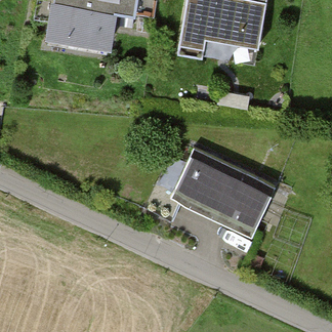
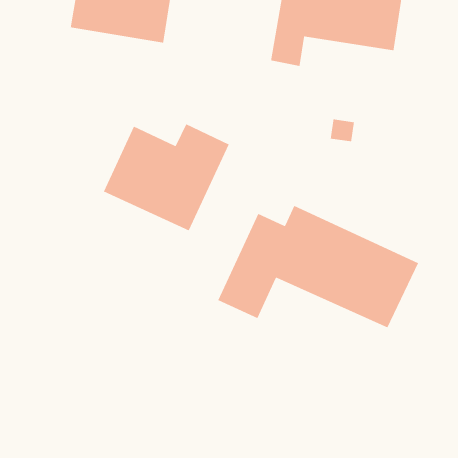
building: none -> [103,123,230,231]

